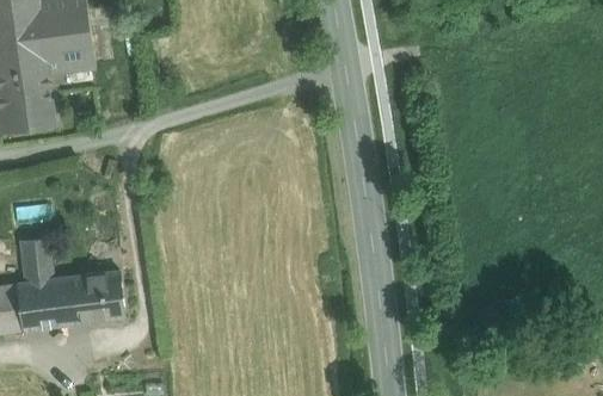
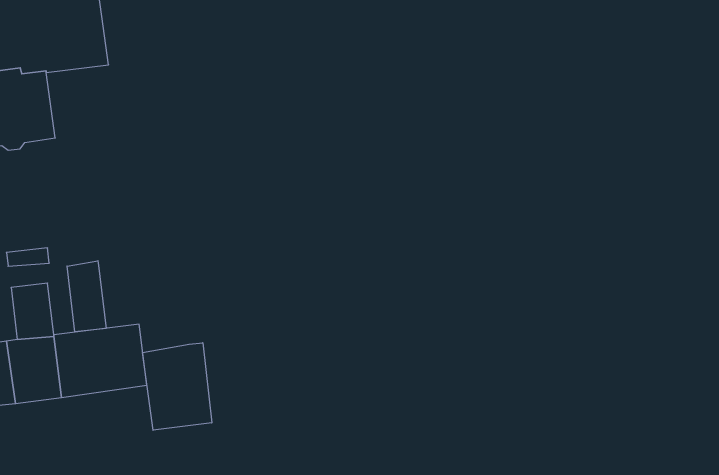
building: none -> [67,261,106,332]
building: none -> [143,343,212,430]

